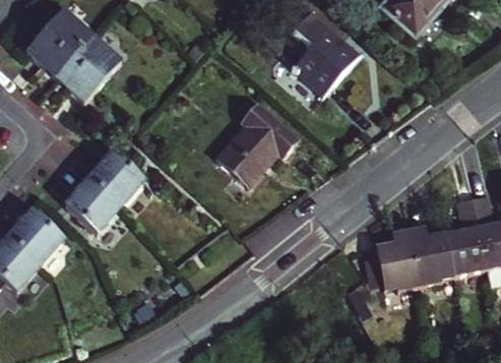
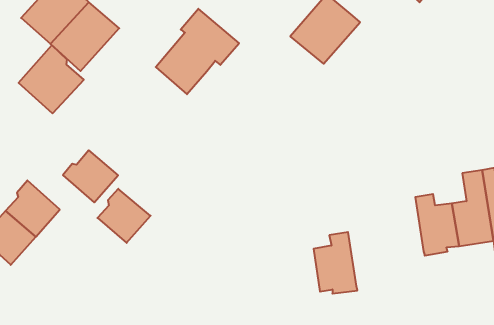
building: none -> [19,45,84,113]
building: [216,105,298,188] -> [156,9,239,94]
building: [93,152,145,204] -> [97,189,151,243]
building: [378,226,421,286] -> [314,232,357,294]

